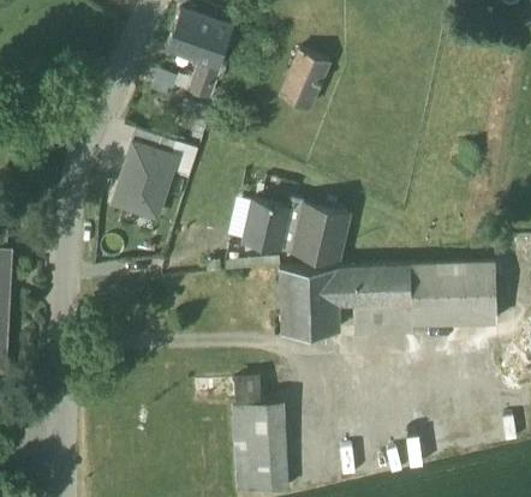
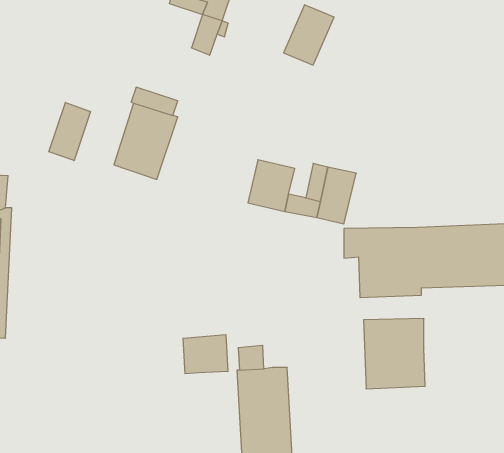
building: none -> [49,102,90,161]
building: [279,267,339,335] -> [364,319,425,389]
building: none -> [183,335,228,374]

